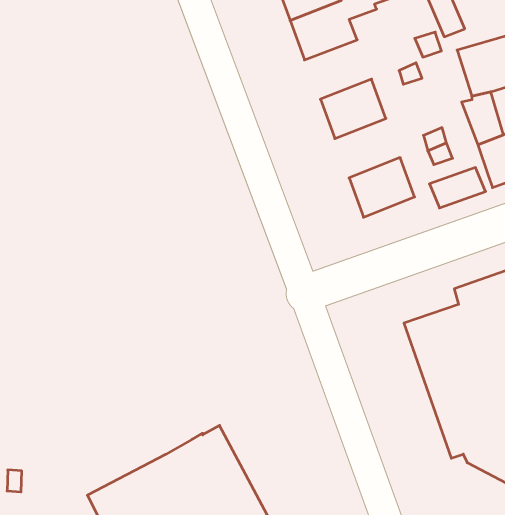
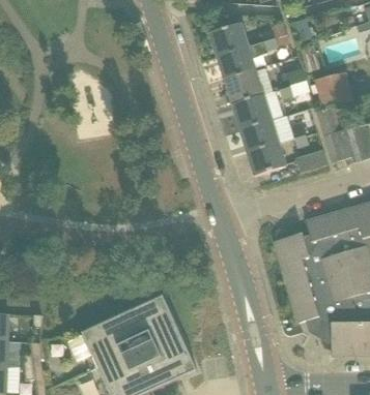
building: none -> [225,70,264,104]
building: none -> [240,118,279,152]

